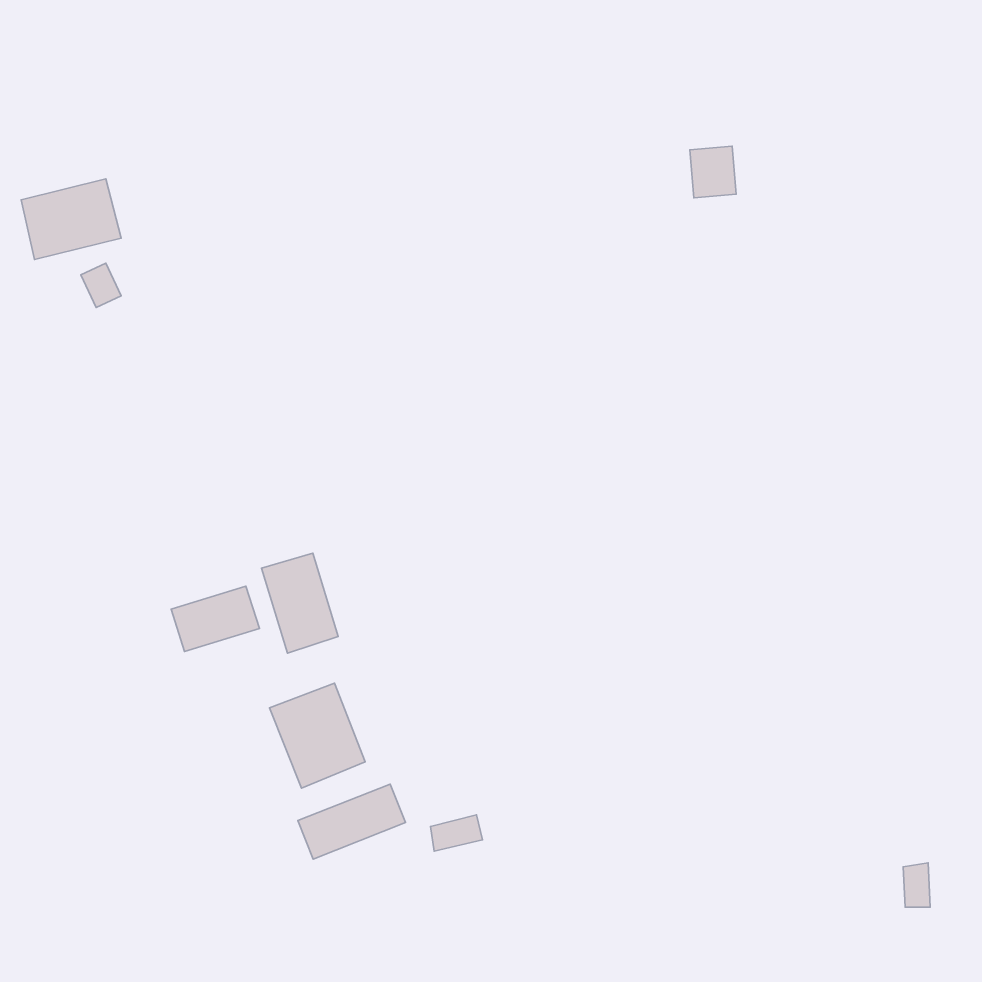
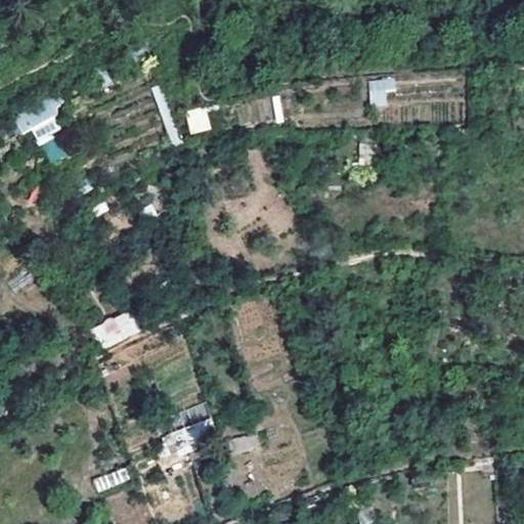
building: [261,553,338,653] -> none
building: [270,683,365,788] -> none

